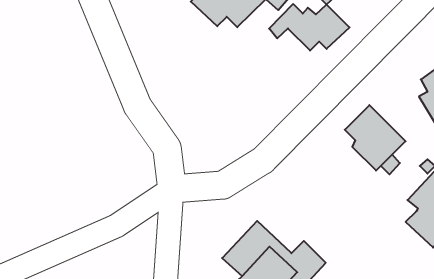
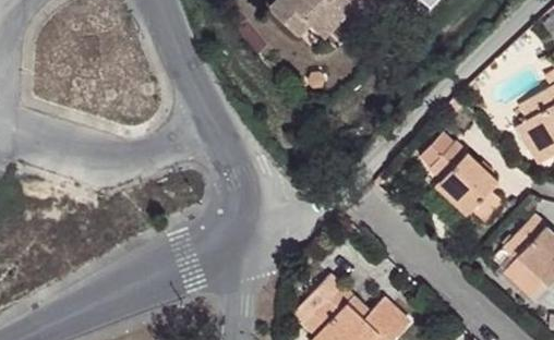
building: [269,4,350,51] -> none

